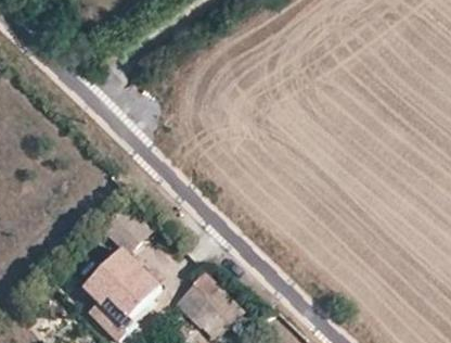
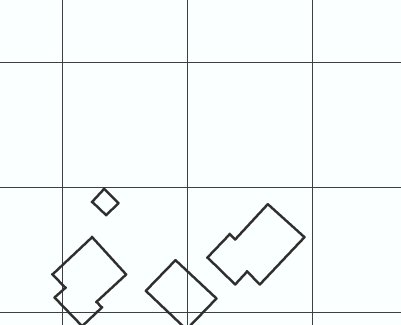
building: none -> [207,204,304,284]

